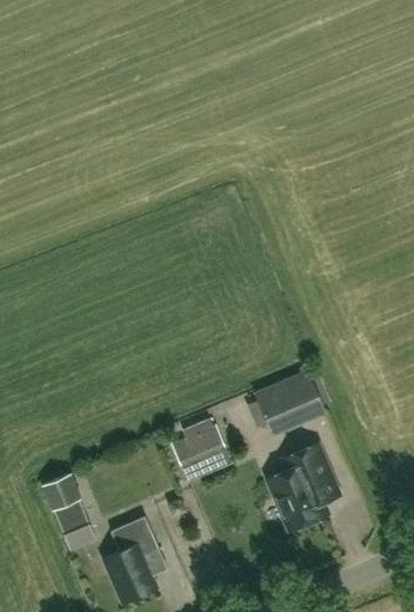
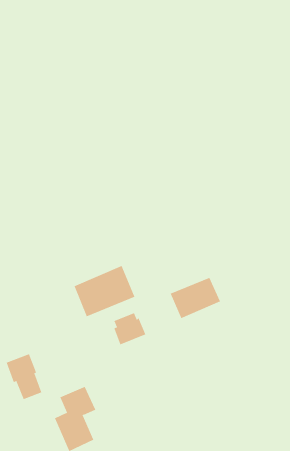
building: none -> [74,265,135,317]
building: [268,443,339,530] -> none

